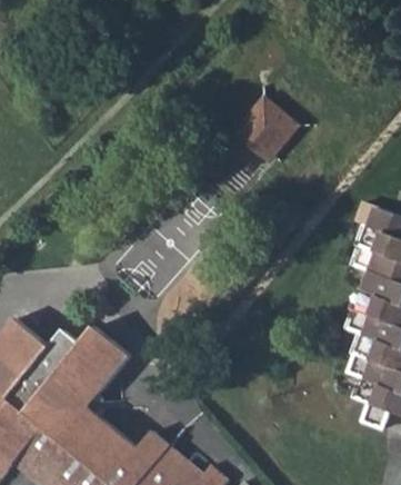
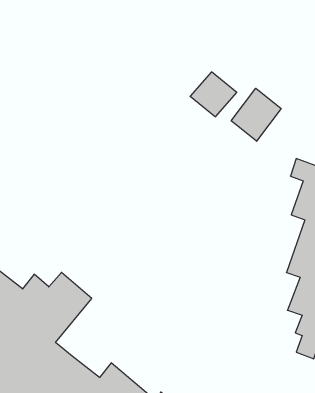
building: none -> [231,88,281,141]

